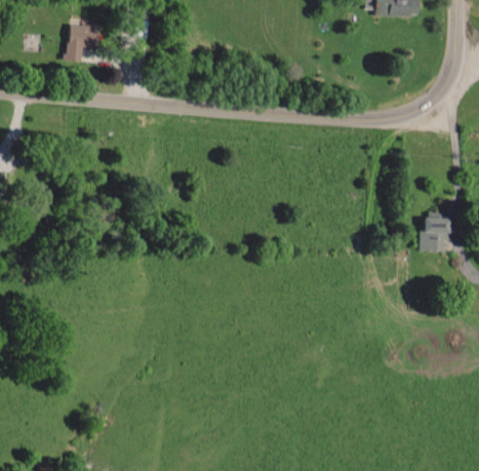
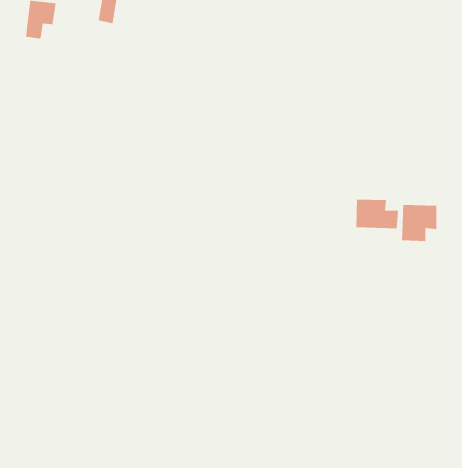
building: none -> [356,199,399,229]

